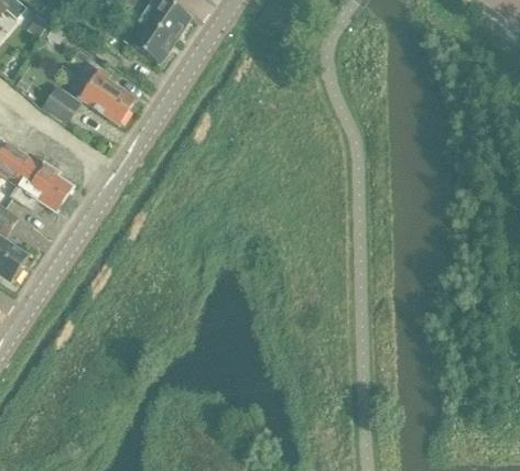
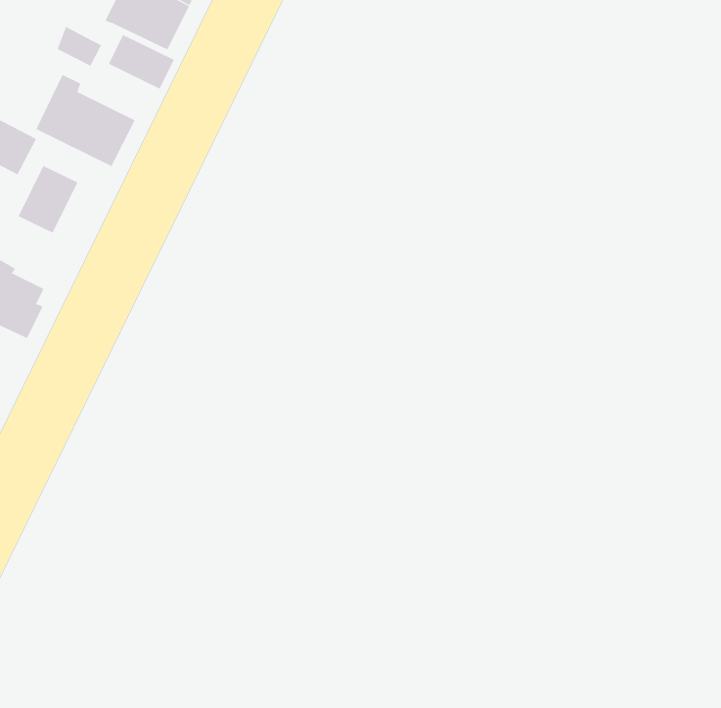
building: none -> [108,34,175,90]
building: none -> [18,165,78,234]

